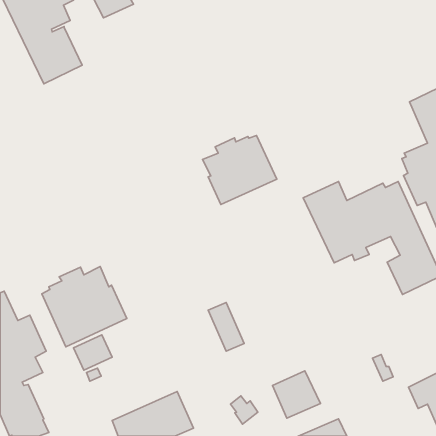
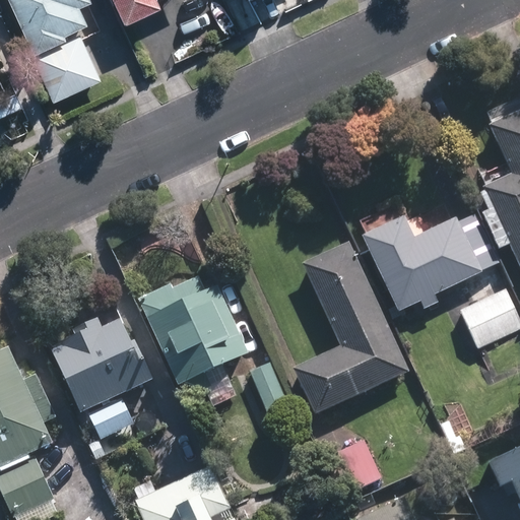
building: [203,135,277,205] -> none
building: none -> [290,242,407,414]
building: none -> [139,275,247,382]

